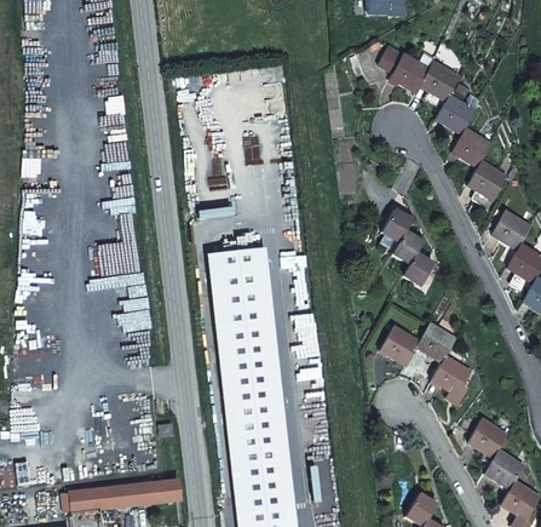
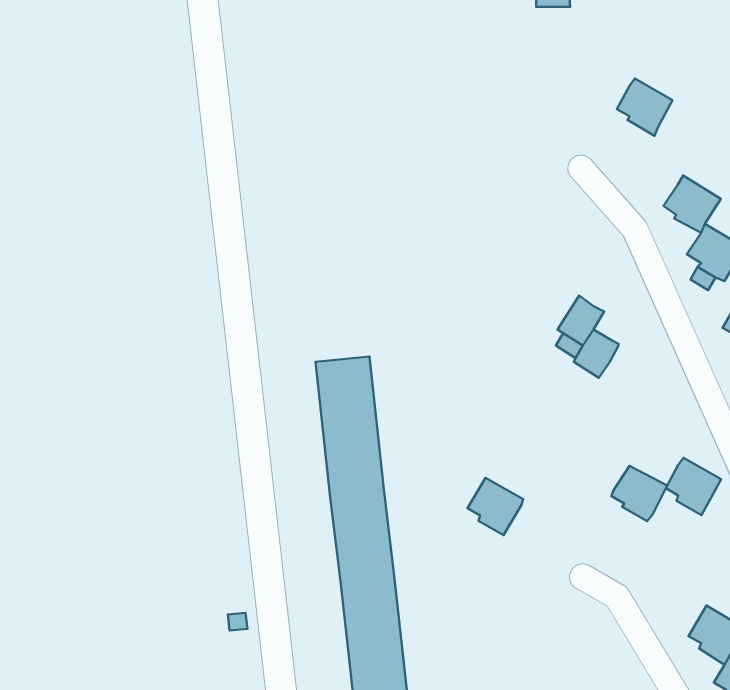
building: [379,44,430,91] -> none
building: [438,94,476,133] -> none
building: [403,253,433,286] -> none
building: [381,326,419,365] -> [468,478,523,535]
building: [433,356,471,395] -> [666,458,721,515]

